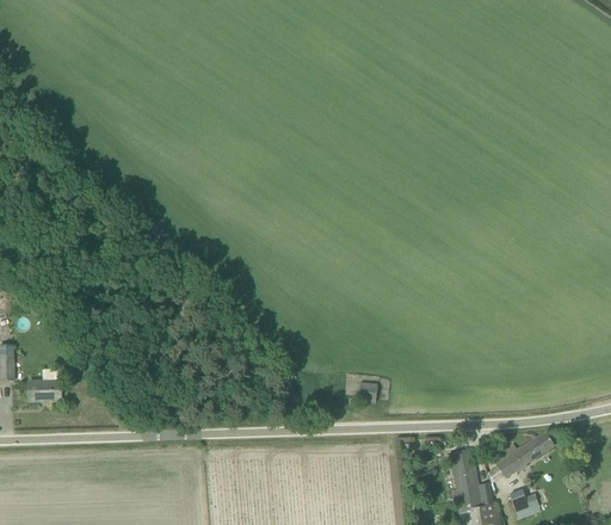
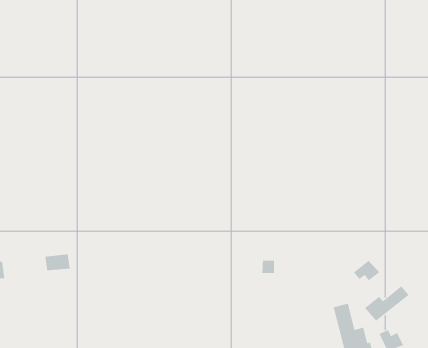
building: [27,379,61,400] -> [45,254,71,271]
building: none -> [353,260,380,281]

